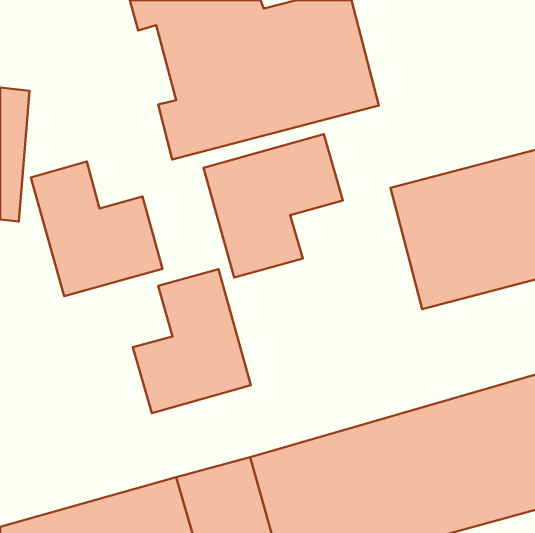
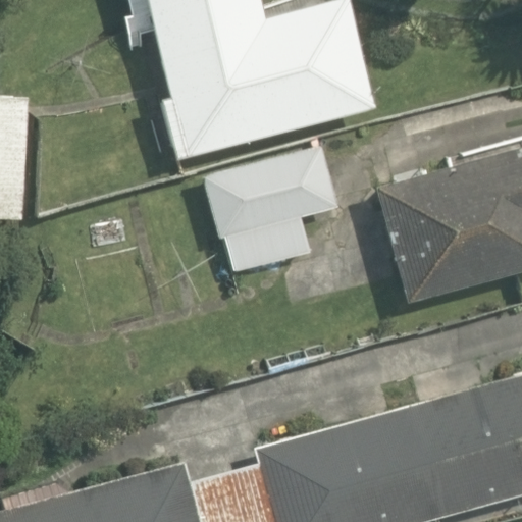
building: [31,161,163,296] -> none
building: [133,269,251,413] -> none

